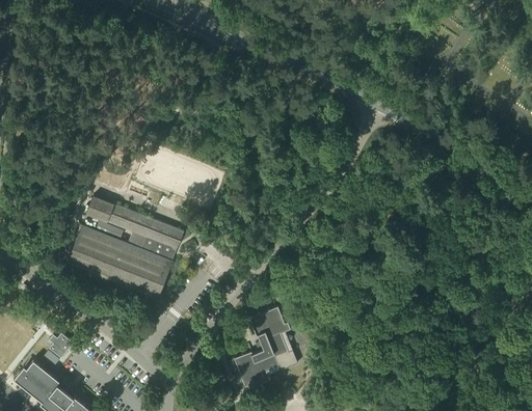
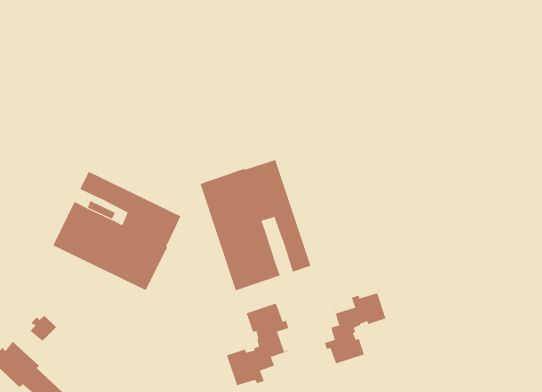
building: none -> [200,159,311,291]
building: none -> [324,292,386,364]

